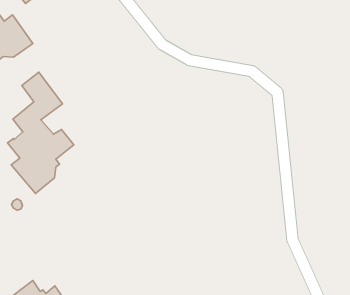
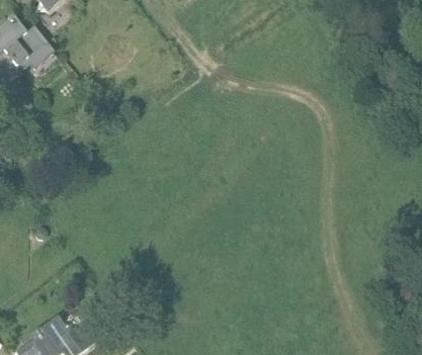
building: [7,72,74,194] -> none

